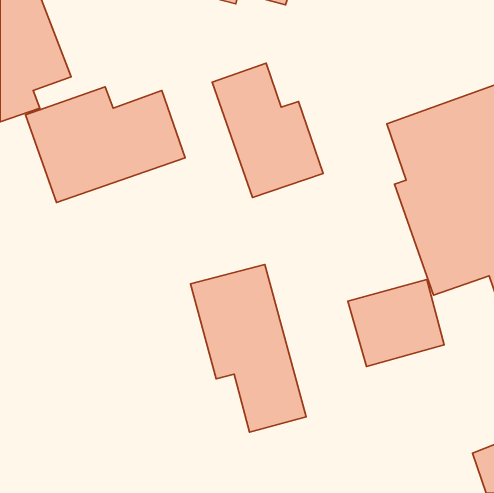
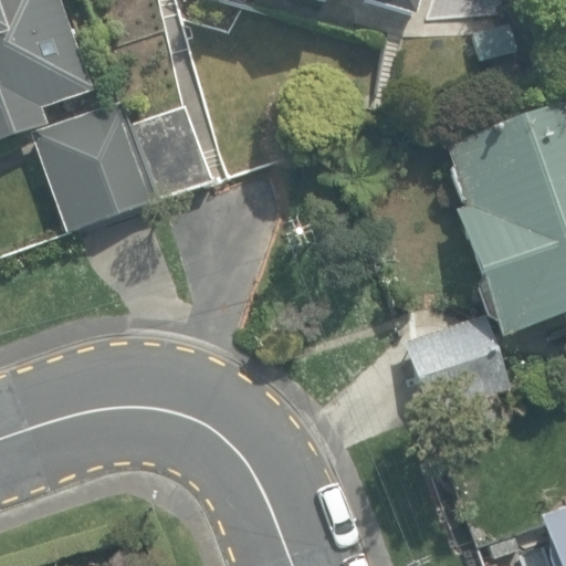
building: [212,63,323,197] -> none
building: [191,264,306,432] -> none

